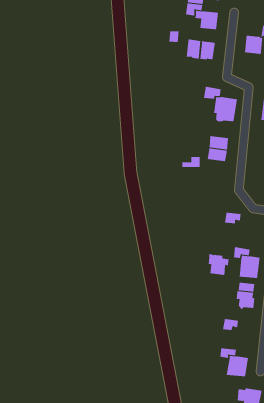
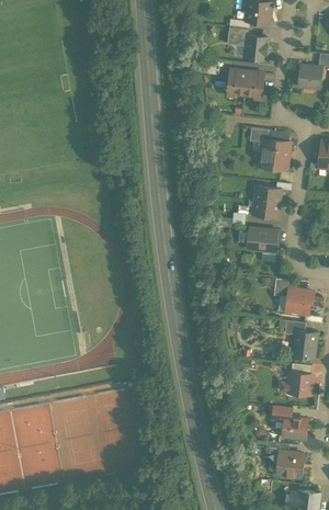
building: none -> [247,228,280,252]
building: [208,254,230,275] -> [287,288,314,315]
building: none -> [283,417,307,439]

